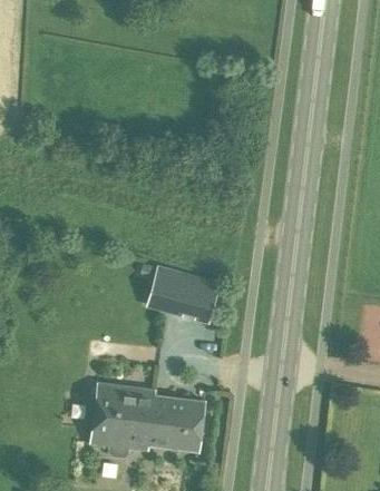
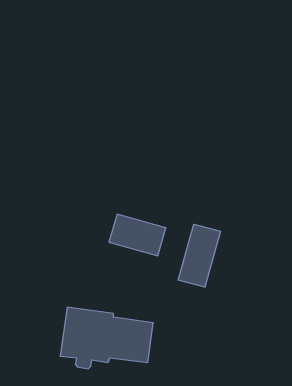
building: none -> [178,224,220,287]

